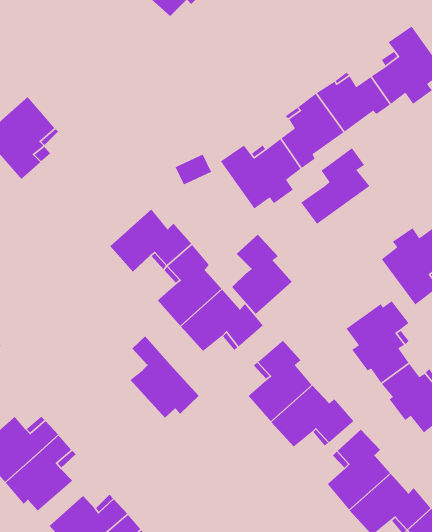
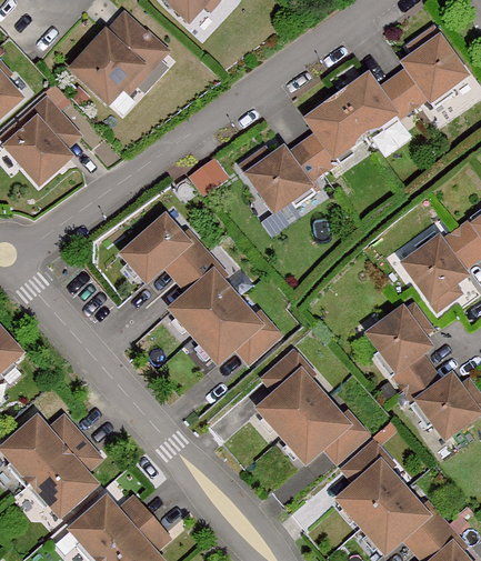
building: none -> [71,13,166,106]
building: [300,147,370,225] -> none
building: [231,234,292,315] -> none
building: [130,336,199,419] -> none

